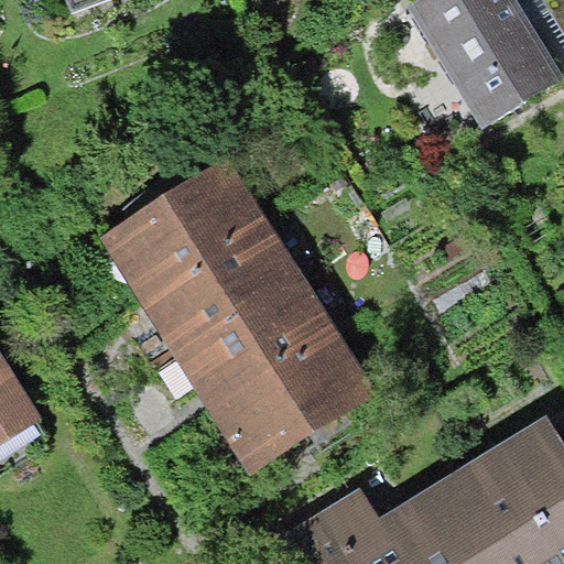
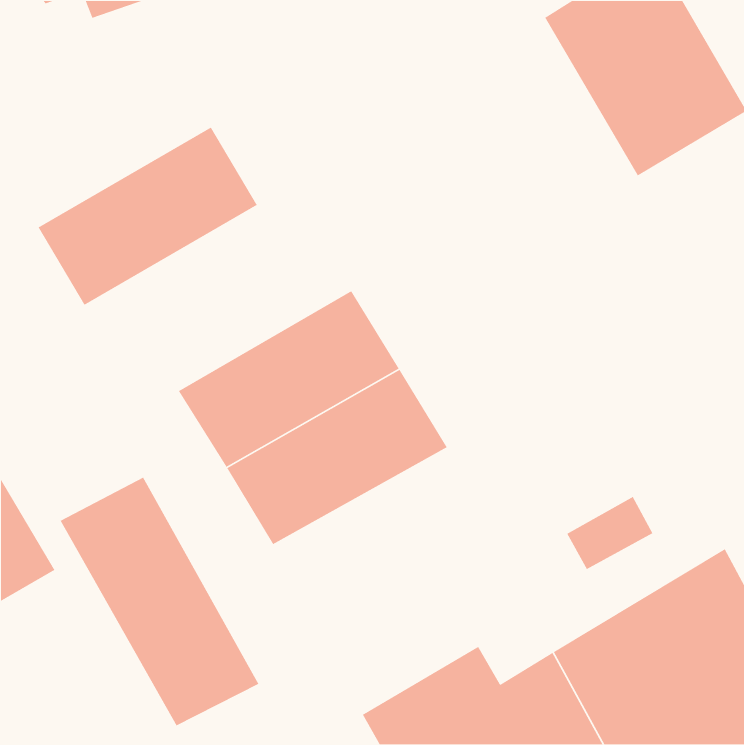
building: [100,160,267,295] -> [37,127,258,306]
building: [207,338,376,470] -> none
building: none -> [60,477,259,727]

